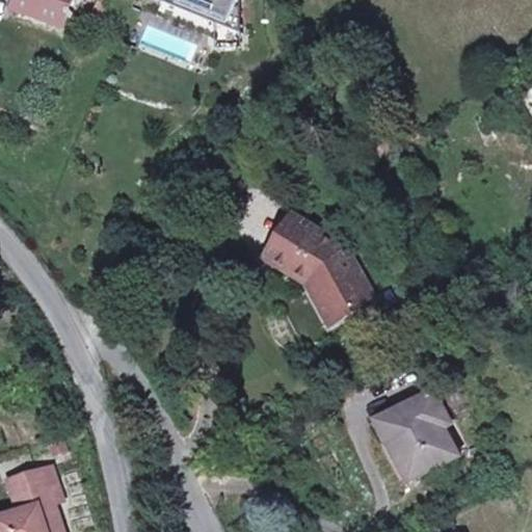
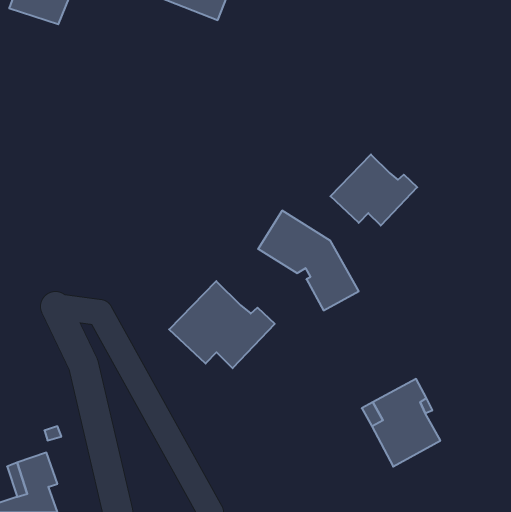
building: none -> [330,154,417,226]
building: none -> [169,281,275,368]

